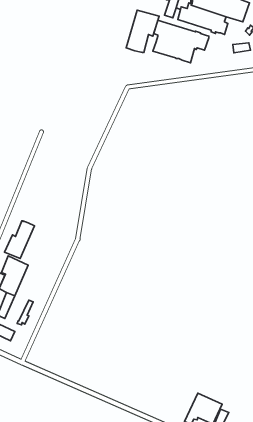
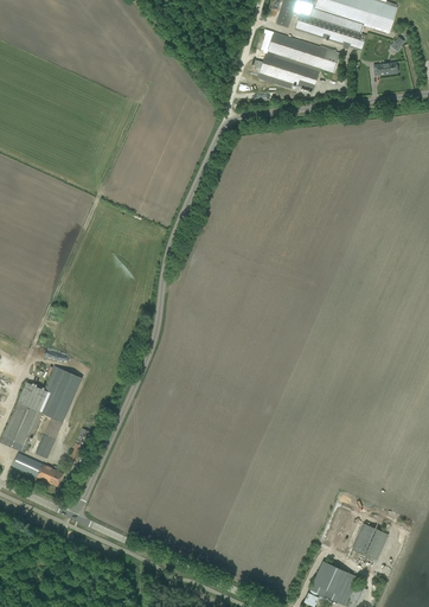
building: [126,10,159,53] -> none
building: [4,221,35,259] -> none
building: none -> [352,523,388,560]

